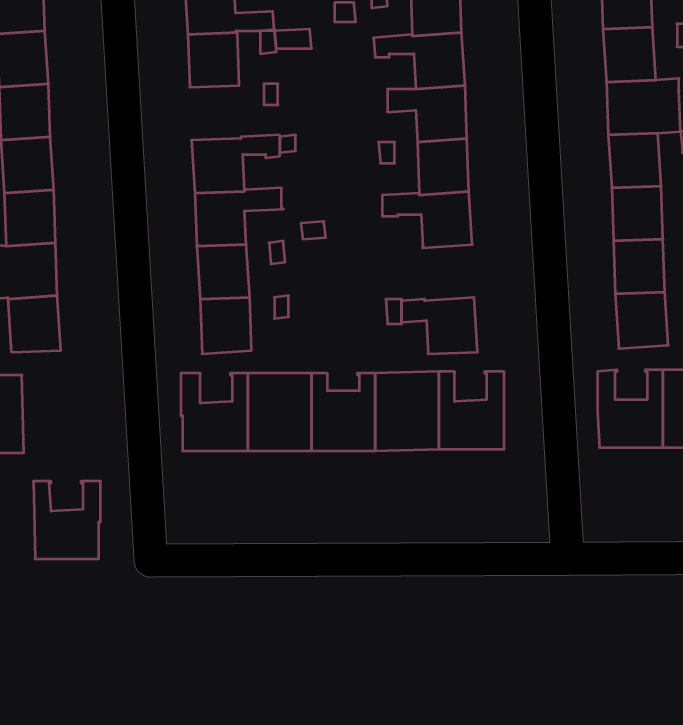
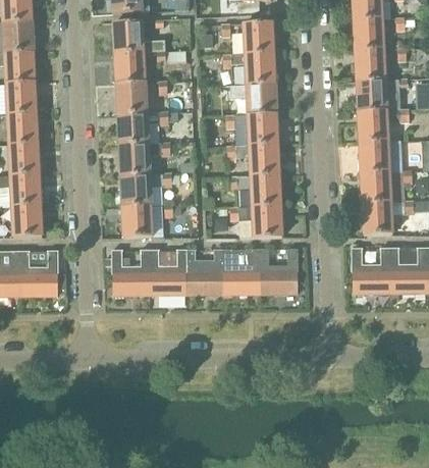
building: none -> [116,83,146,114]
building: none -> [228,174,280,207]
building: [33,481,101,559] -> [19,250,58,295]

